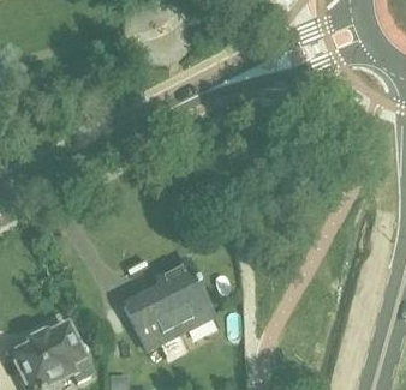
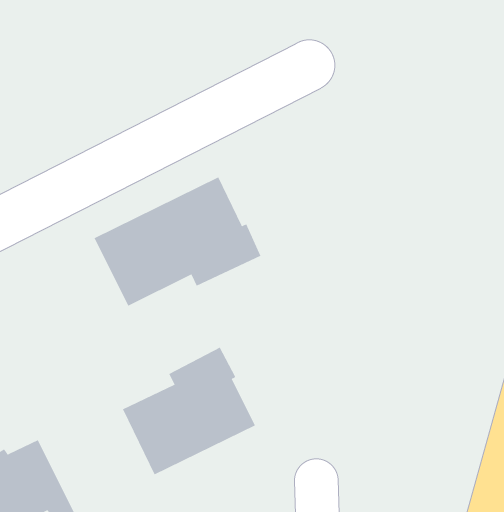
building: none -> [94,177,261,307]

